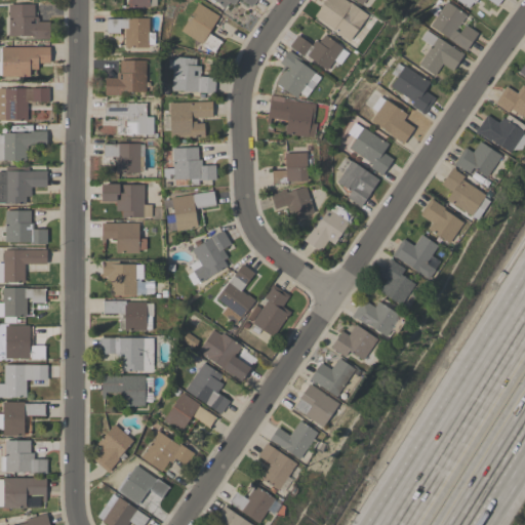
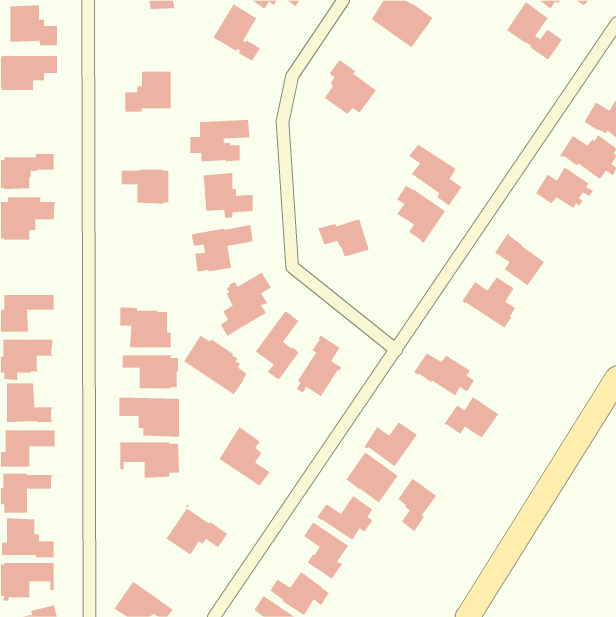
building: [107,18,156,47] -> none
building: [419,30,465,76] -> none
building: [290,34,349,71] -> none
building: [168,57,216,93] -> none
building: [392,63,436,115] -> none
building: [6,88,50,120] -> none
building: [268,95,317,137] -> none
building: [372,96,415,144] -> none
building: [106,104,154,134] -> none
building: [273,153,314,184] -> none
building: [442,167,490,219] -> none
building: [103,185,152,218] -> none
building: [305,206,354,251] -> none
building: [6,210,48,244] -> none
building: [103,223,147,253] -> none
building: [379,257,415,306] -> none
building: [331,324,378,360] -> [444,396,499,438]
building: [199,329,253,380] -> [183,335,247,395]
building: [164,393,218,433] -> none
building: none -> [398,478,437,532]
building: [93,425,133,473] -> none
building: [118,454,170,506] -> none

